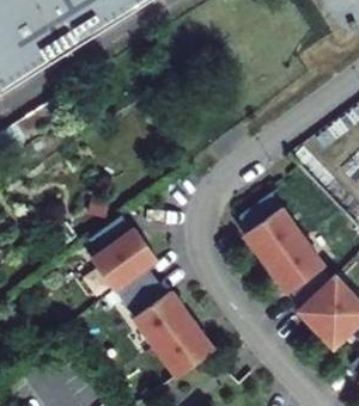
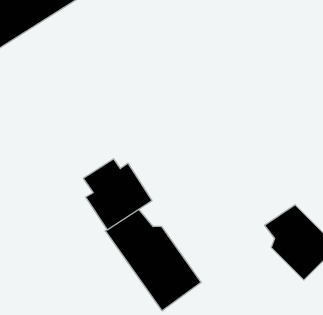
building: [241,193,325,291] -> none

